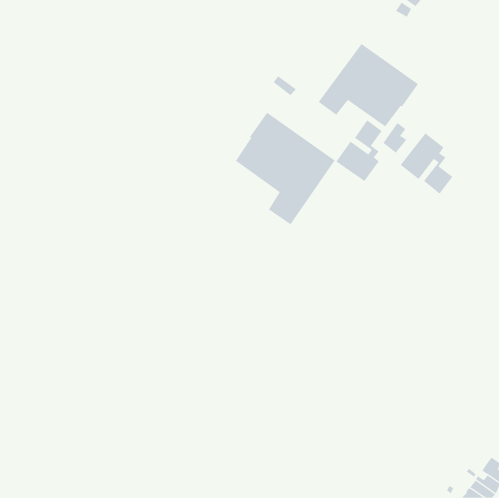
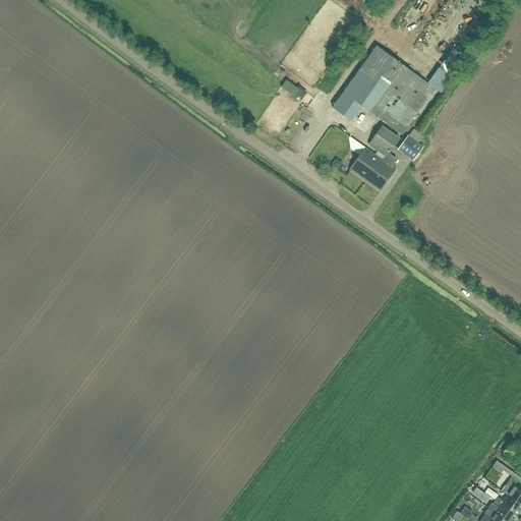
building: [235,112,335,225] -> none
building: [400,133,453,195] -> none

